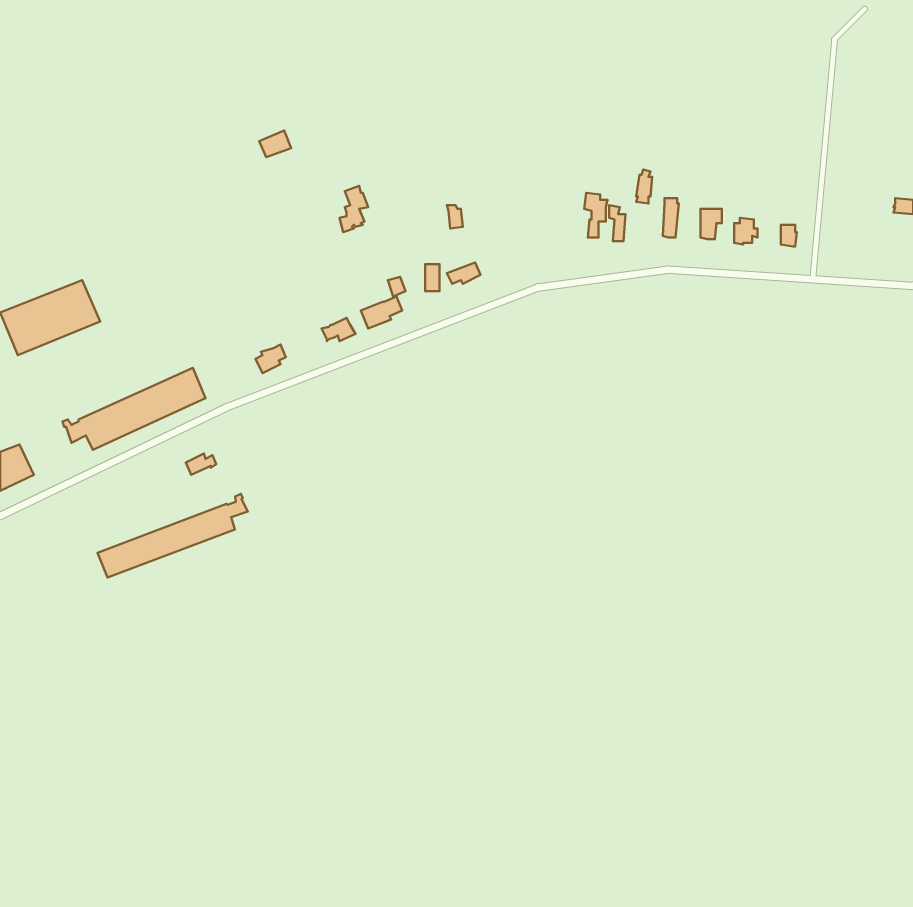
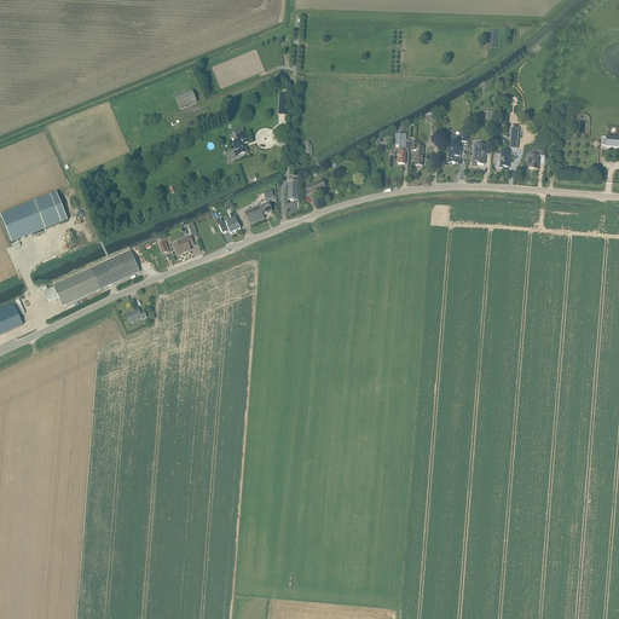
building: [98,494,248,577] -> none

